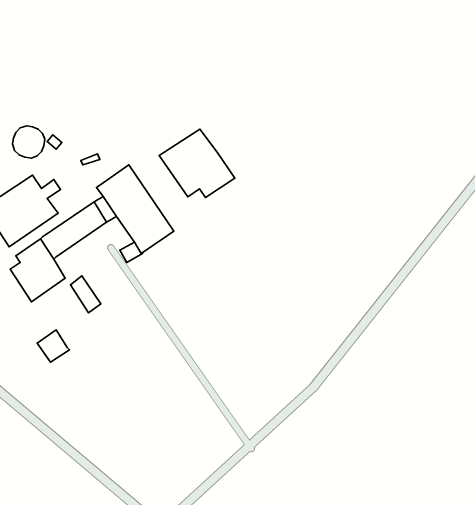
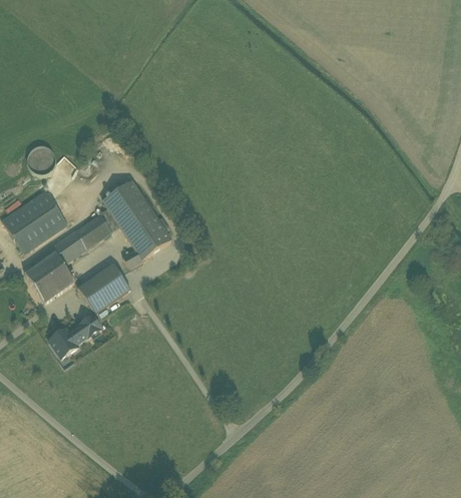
building: [159,129,235,198] -> none
building: none -> [89,264,130,305]
building: none -> [69,315,101,344]

